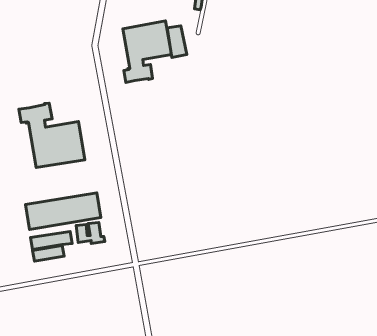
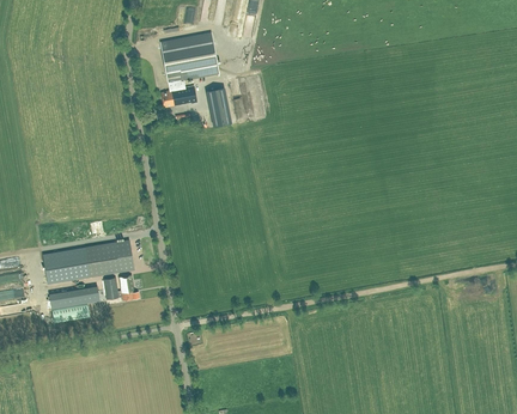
building: [167,26,187,58] -> [206,89,230,127]
building: [19,103,85,167] -> none

